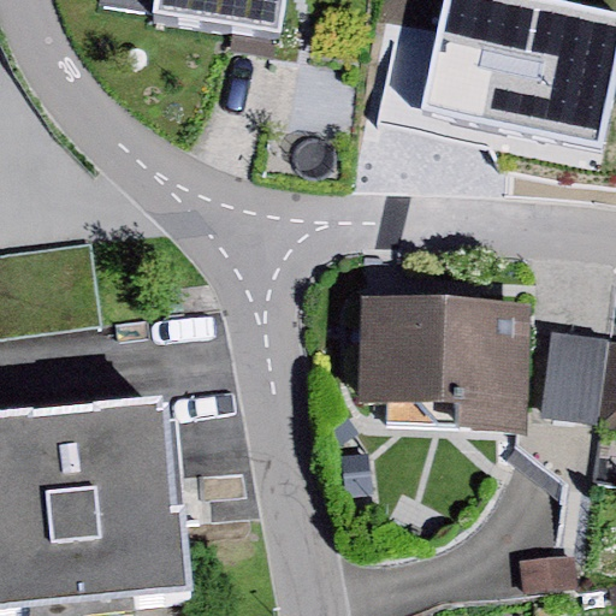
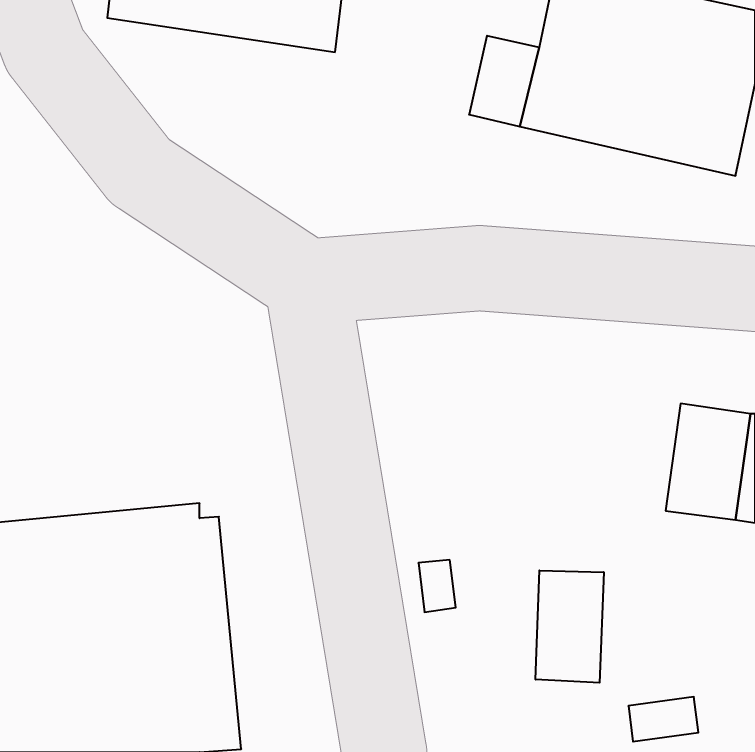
building: [357,295,526,424] -> none
building: none -> [536,570,604,683]

